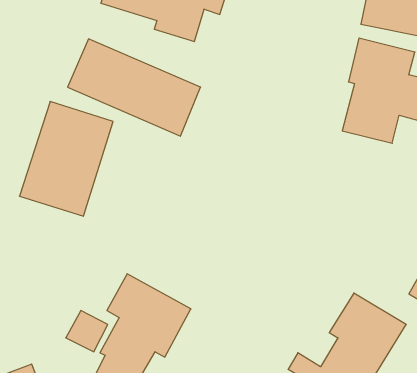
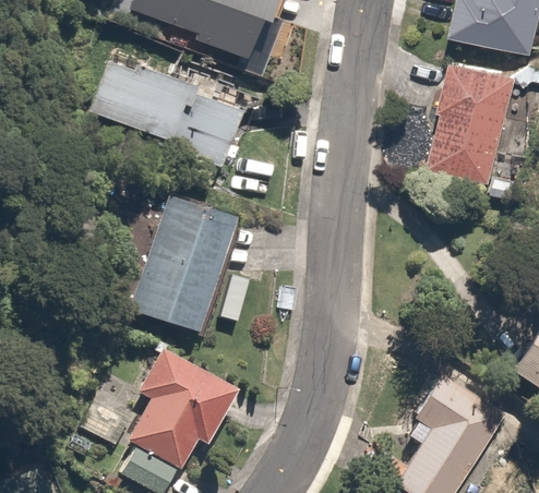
building: [19,101,113,216] -> [128,196,244,339]

